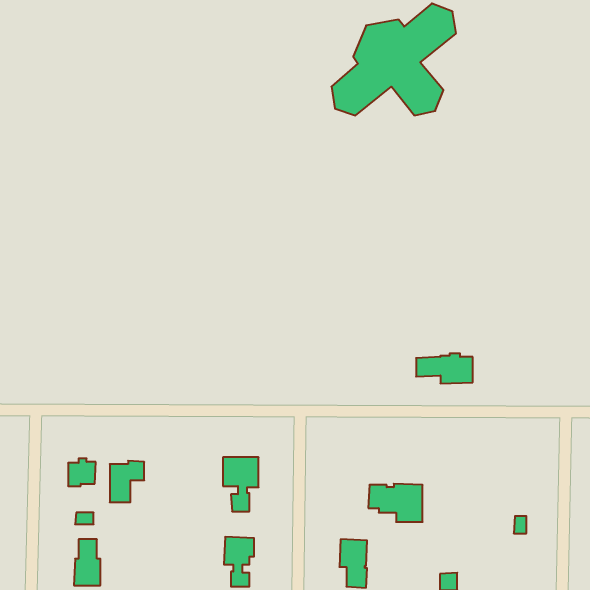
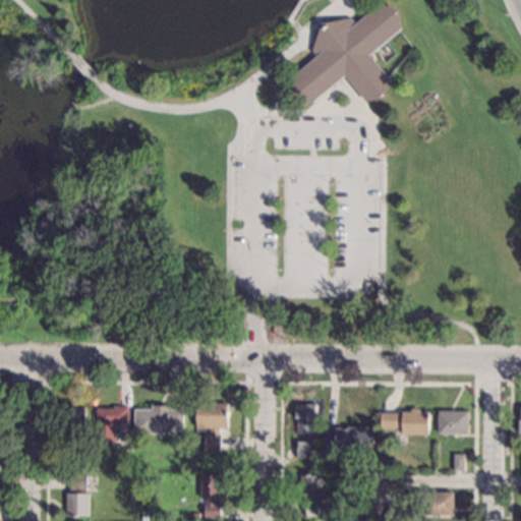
building: [416,353,473,383] -> [381,409,430,436]
building: none -> [295,404,315,459]
building: none -> [133,405,183,433]
building: none -> [438,411,468,433]
building: none -> [425,493,453,515]

